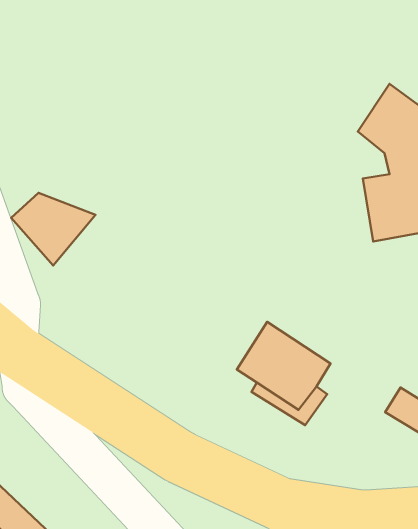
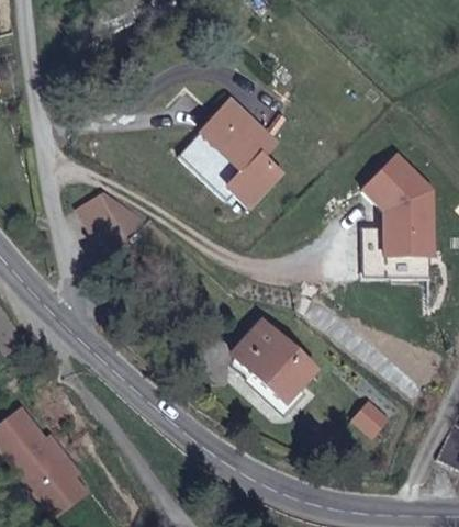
building: none -> [179,97,280,203]

